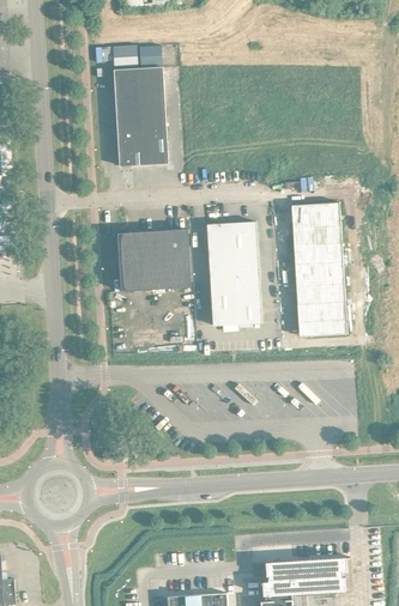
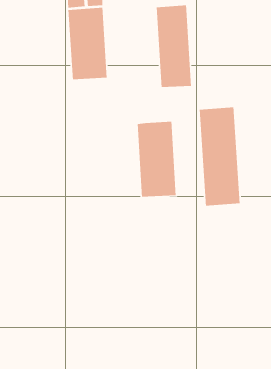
building: none -> [156,5,192,88]
building: [117,229,191,291] -> none

